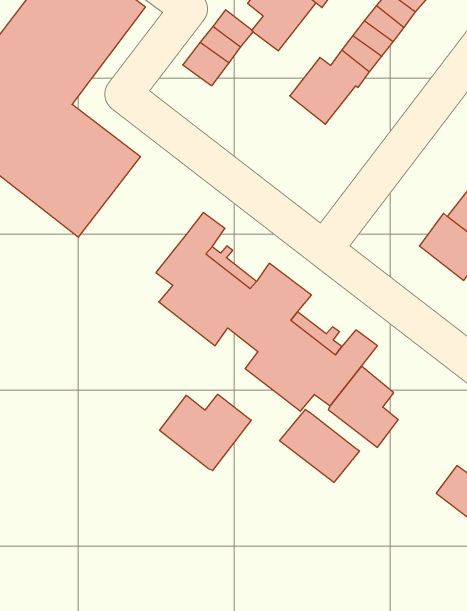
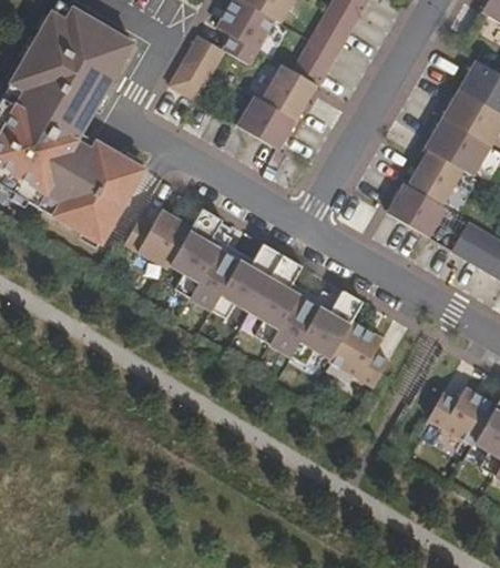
building: none -> [238,95,296,149]
building: none -> [125,210,192,267]
building: [160,394,251,471] -> none
building: [280,409,360,482] -> none

